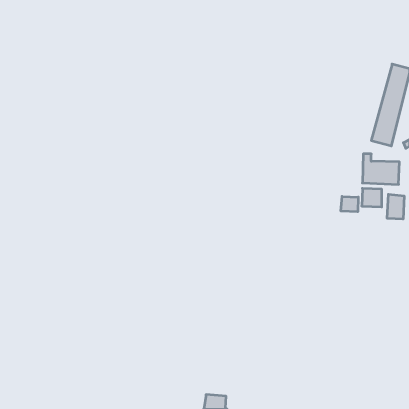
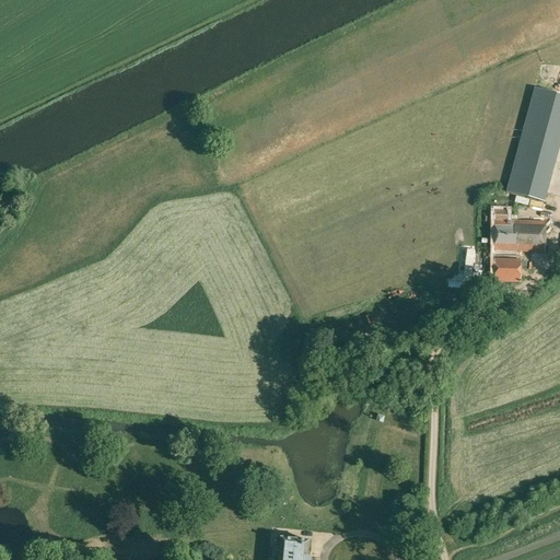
building: [387,194,404,219] -> none
building: [341,196,358,212] -> none

